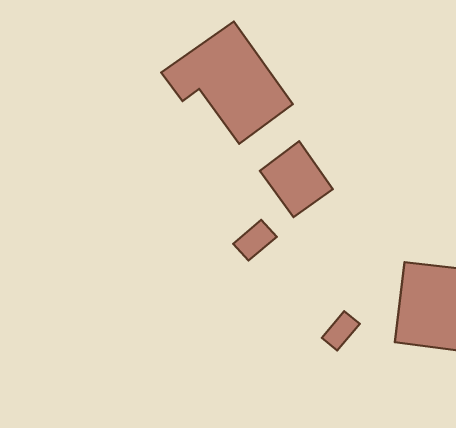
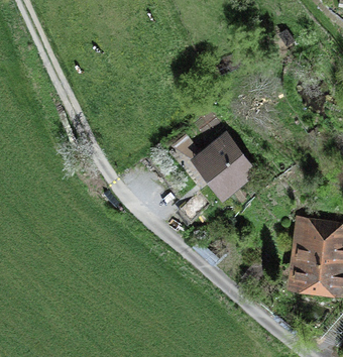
building: [161,21,293,144] -> none

